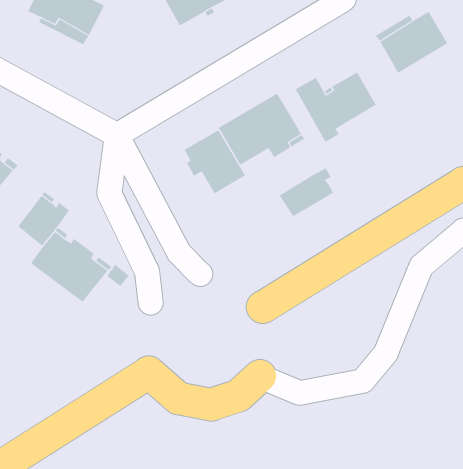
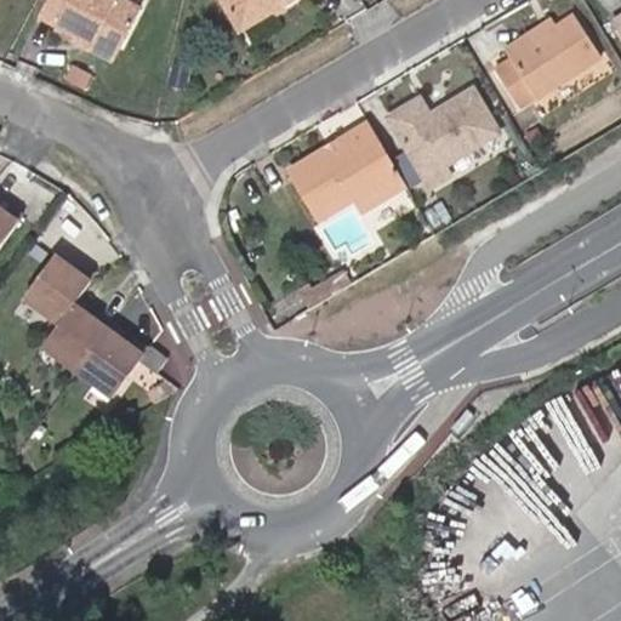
building: [184,129,246,194] -> none
building: [279,168,334,217] -> none

